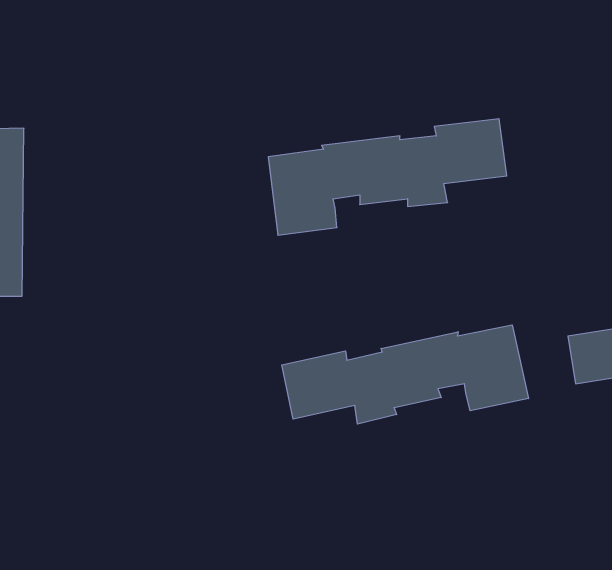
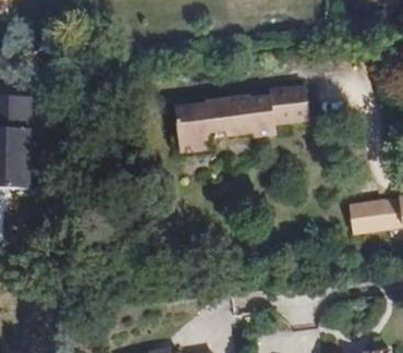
building: [282,325,528,424] -> none

